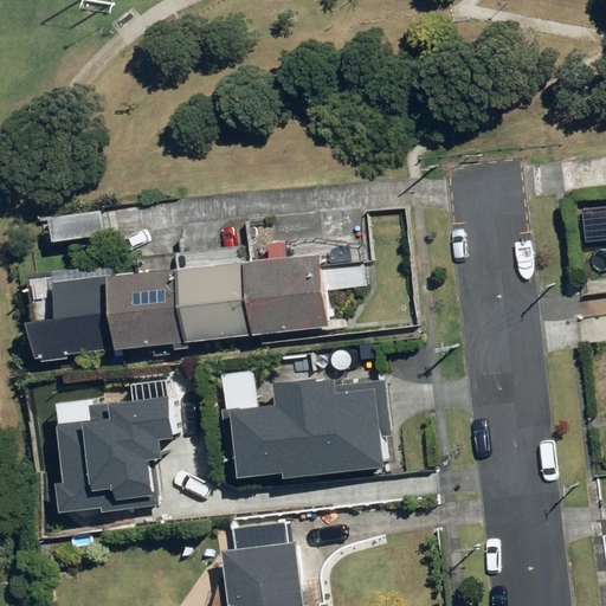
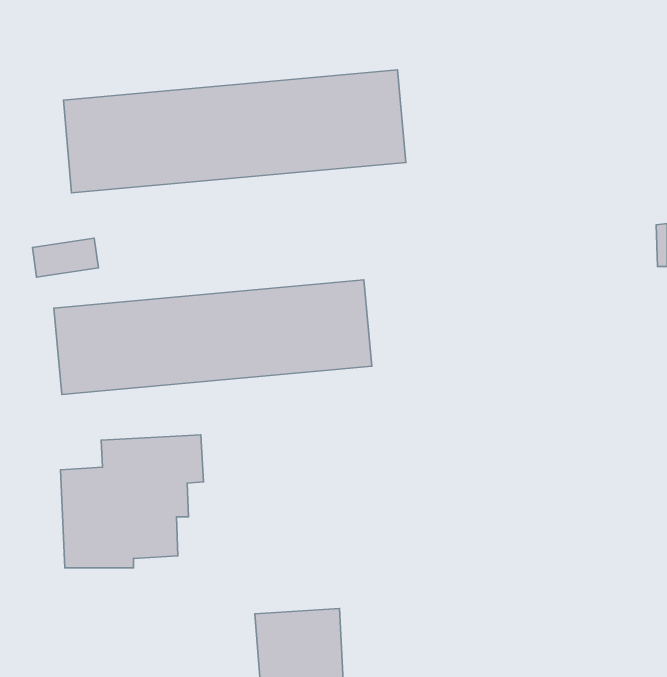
building: none -> [63,70,406,193]
building: [234,373,383,477] -> none

